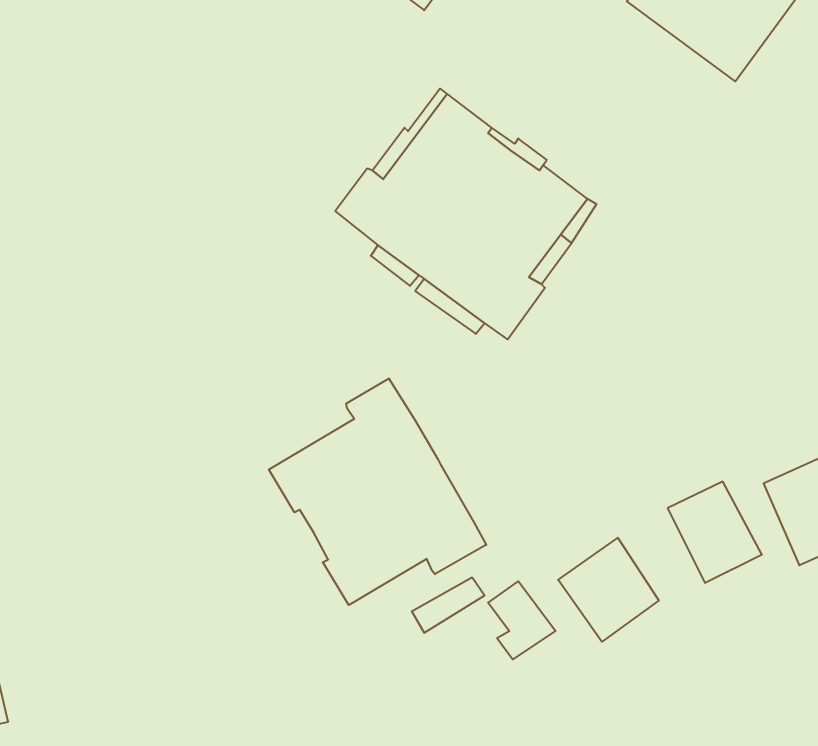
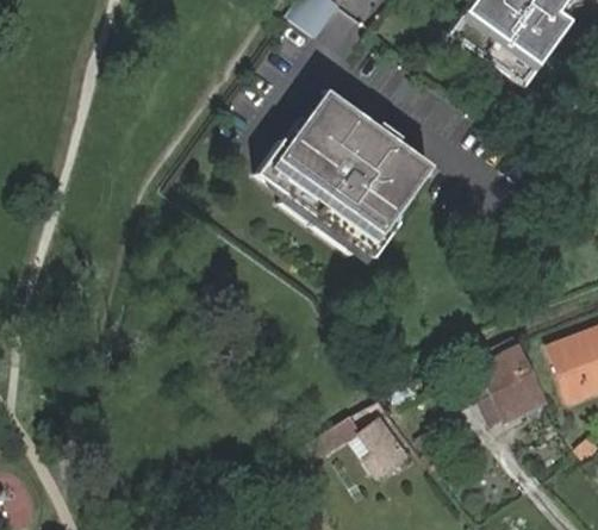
building: [269,378,486,605] -> none
building: [558,538,659,642] -> none

